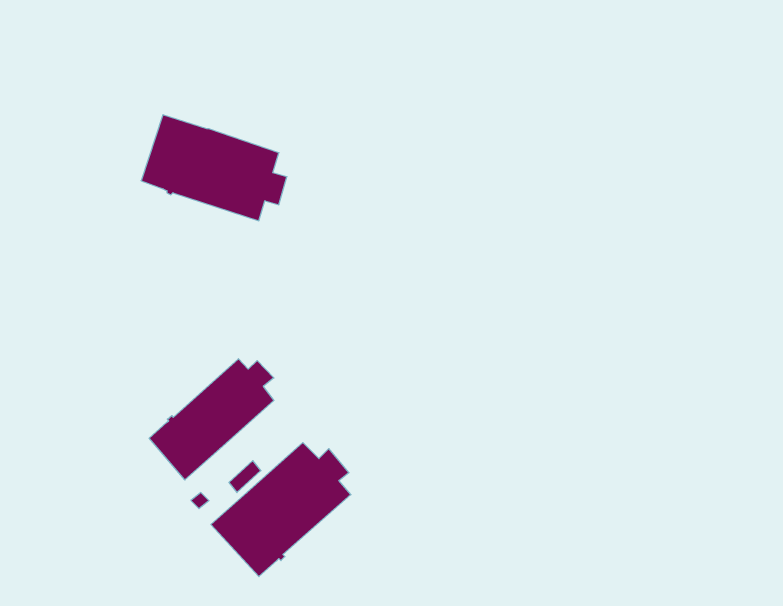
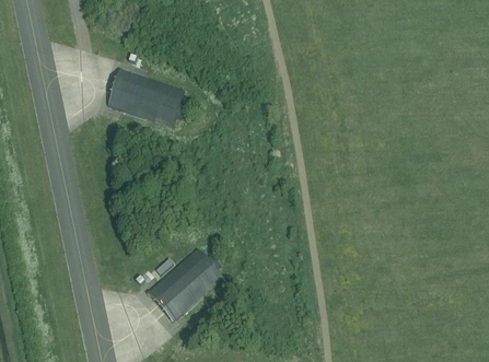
building: [149,359,274,480] -> none

